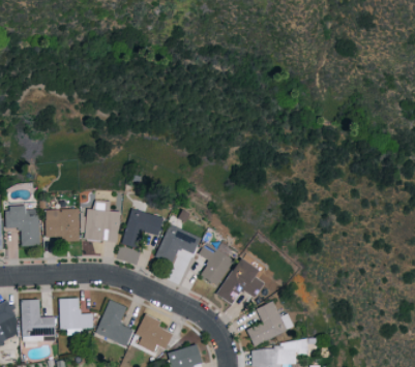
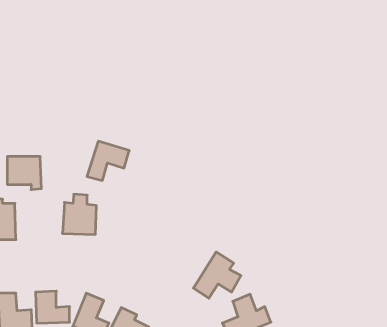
building: [46,209,80,242] -> [7,157,41,190]
building: [122,209,165,248] -> [87,141,129,180]
building: [156,224,201,265] -> none
building: [200,243,234,286] -> none

